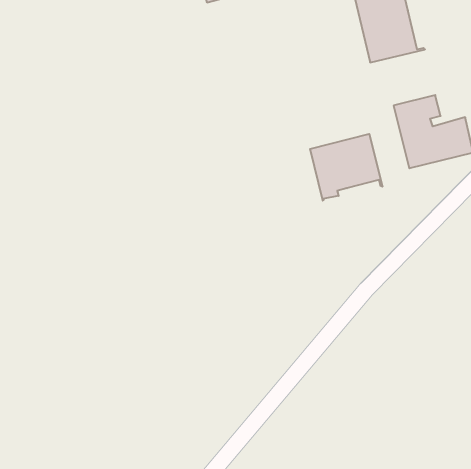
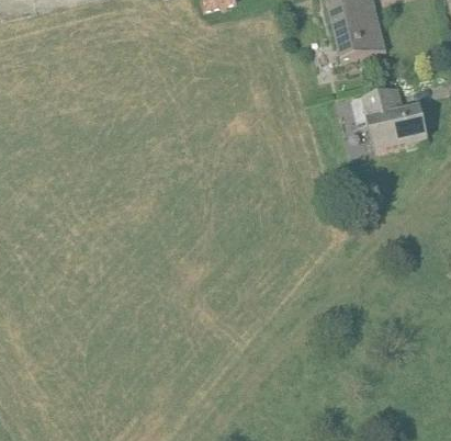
building: [310,134,382,201] -> none

